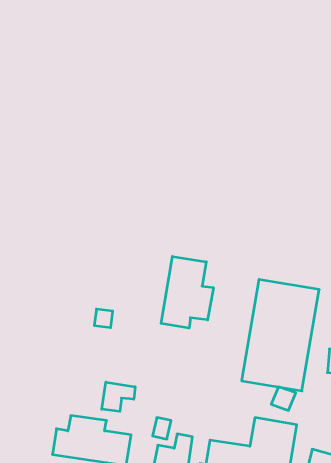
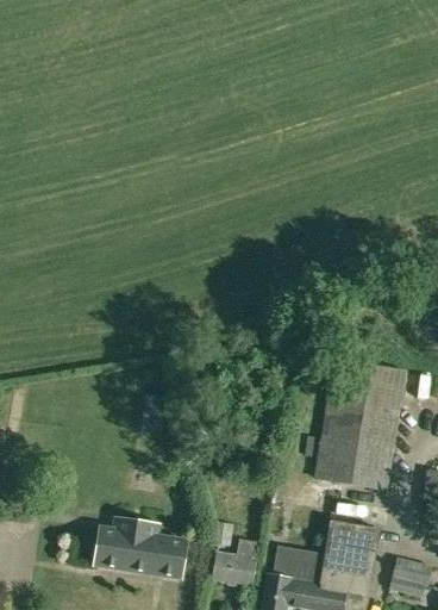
building: [161,256,213,328] -> none
building: [102,382,135,411] -> none

